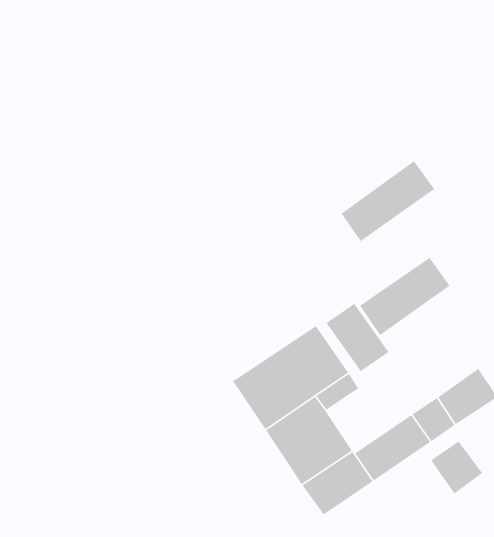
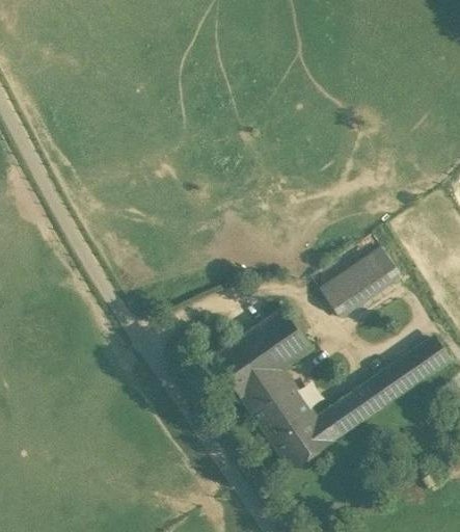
building: [340,160,435,242] -> none
building: [325,303,389,372] -> none
building: [430,440,483,494] -> none

